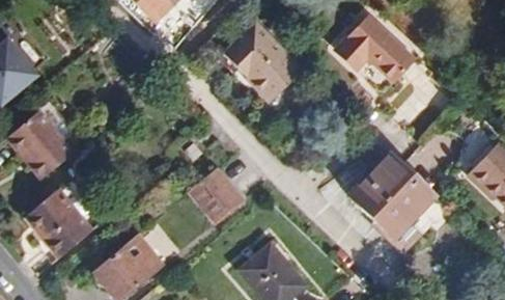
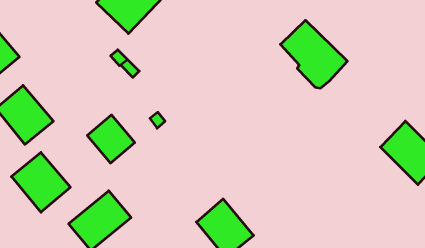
building: [225,30,306,108] -> none
building: [188,160,243,216] -> [87,115,135,163]
building: [353,167,446,262] -> none

